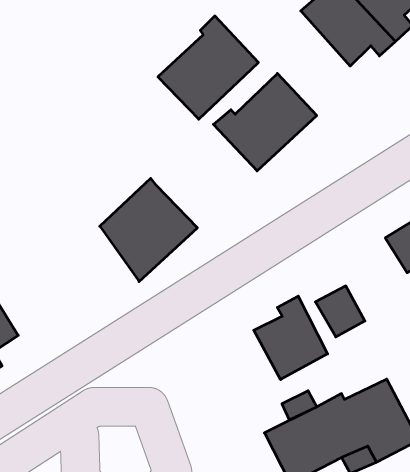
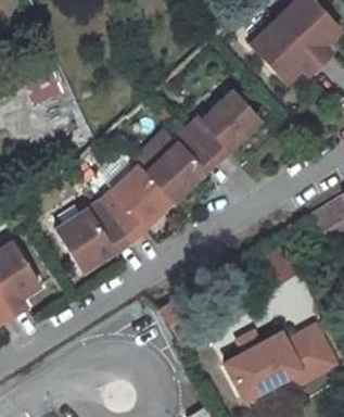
building: [158,16,258,119] -> [142,128,217,205]
building: none -> [56,204,129,274]
building: [254,296,328,380] -> none

